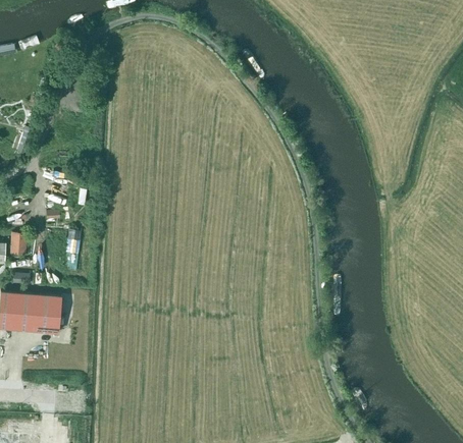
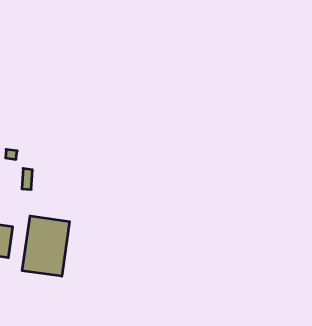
building: none -> [22,216,70,276]

